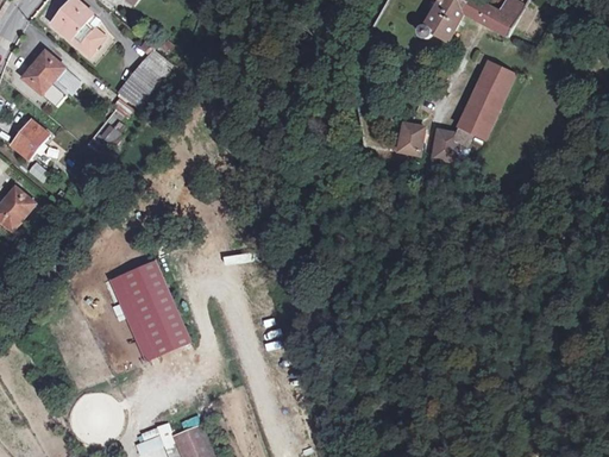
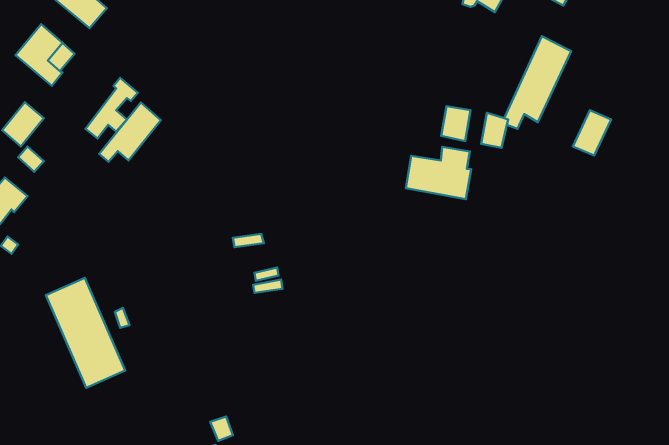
building: [113,49,168,101] -> [99,103,161,162]
building: none -> [573,110,611,156]
building: none -> [406,147,471,199]
building: [118,259,188,357] -> [46,278,125,388]

